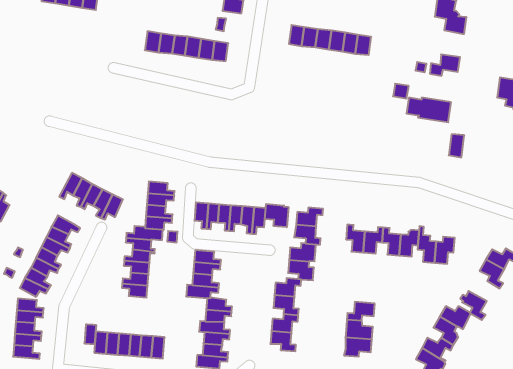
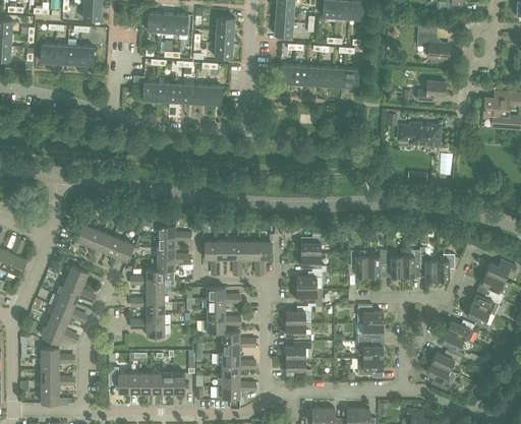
building: [265,204,288,227] -> none
building: none -> [471,293,501,314]
building: none -> [357,306,383,323]

